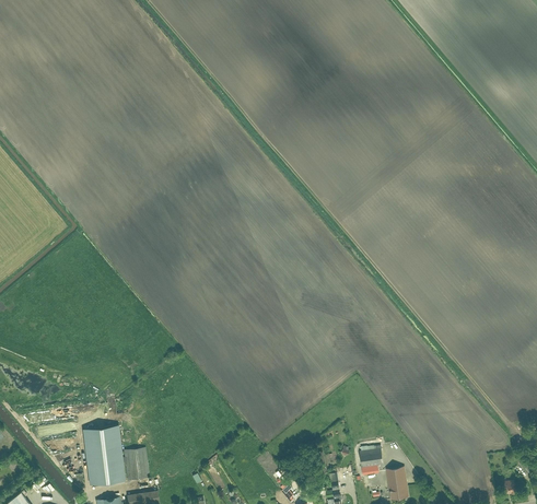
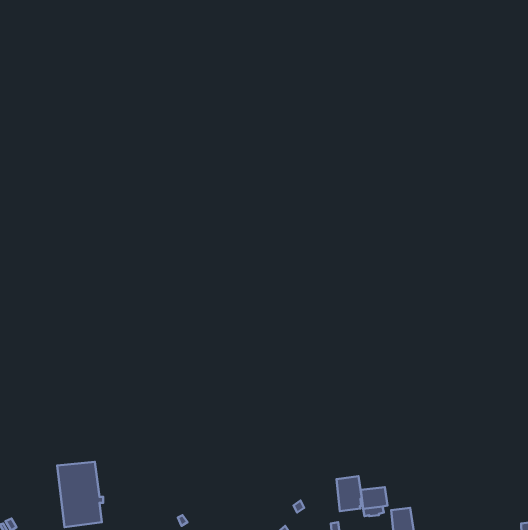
building: none -> [337,476,362,511]
building: [124,448,149,481] -> none

